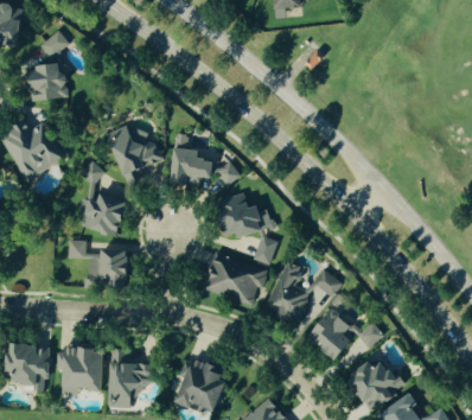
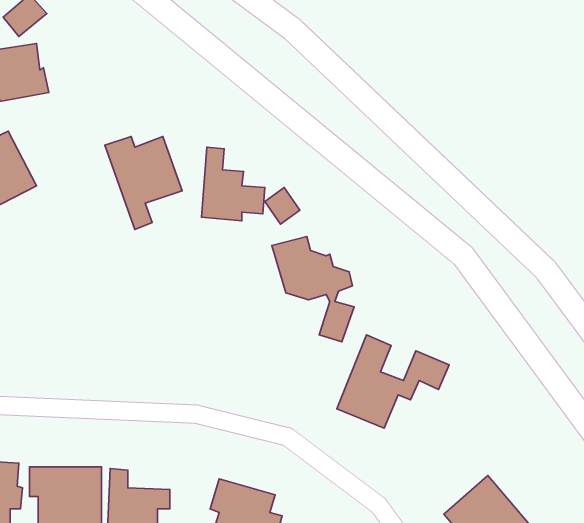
building: [75,160,133,237] -> none
building: [66,240,129,287] -> none
building: [203,250,266,306] -> none
building: [308,308,378,361] -> none

